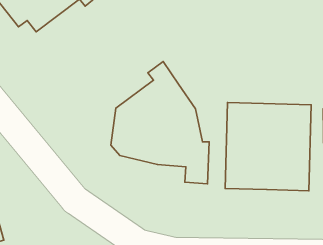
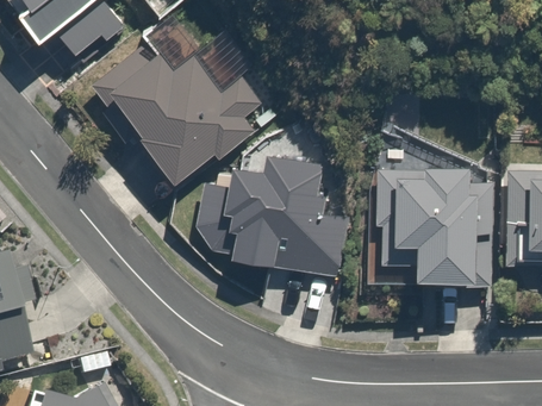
building: none -> [85,42,258,181]

